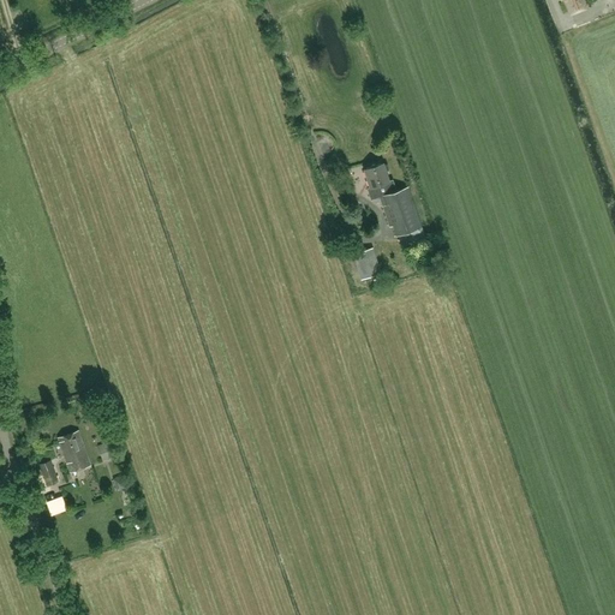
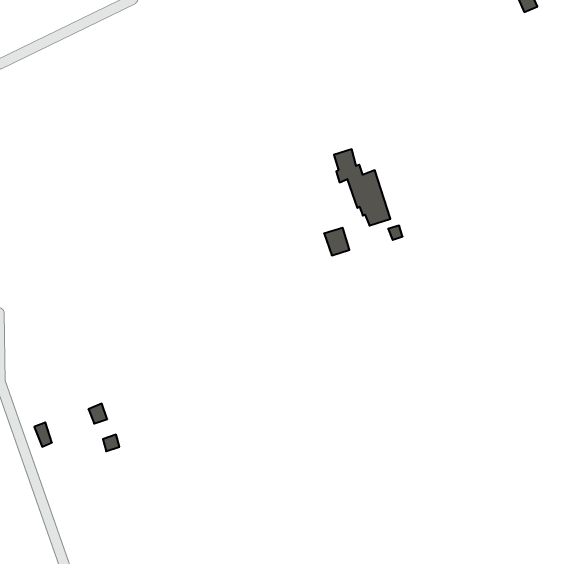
building: [55,429,90,472] -> none

